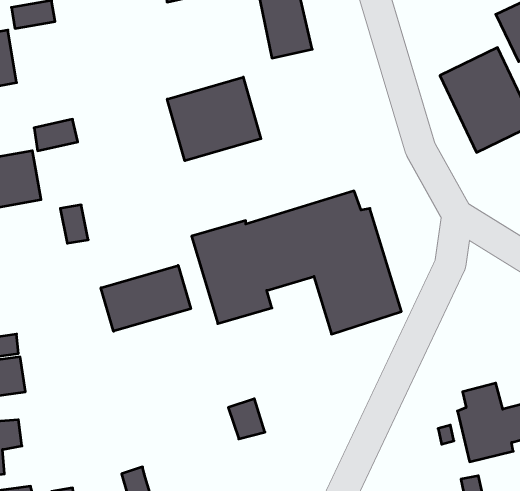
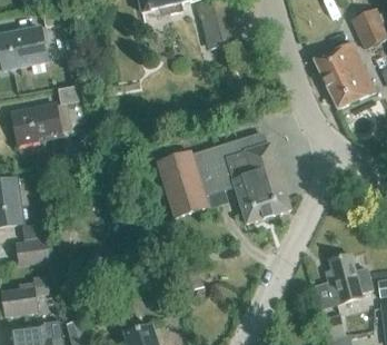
building: [167,77,261,161] -> none
building: [101,265,191,331] -> none

